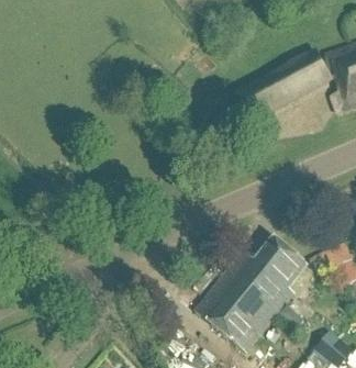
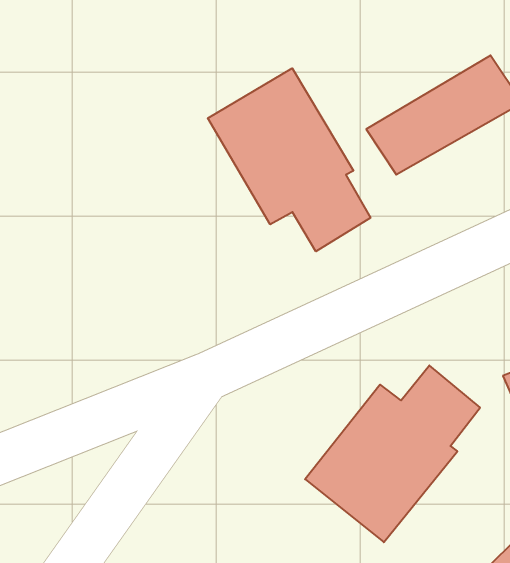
building: none -> [208,68,370,251]

